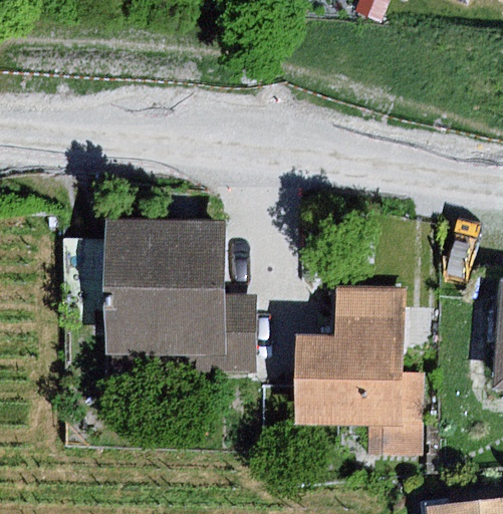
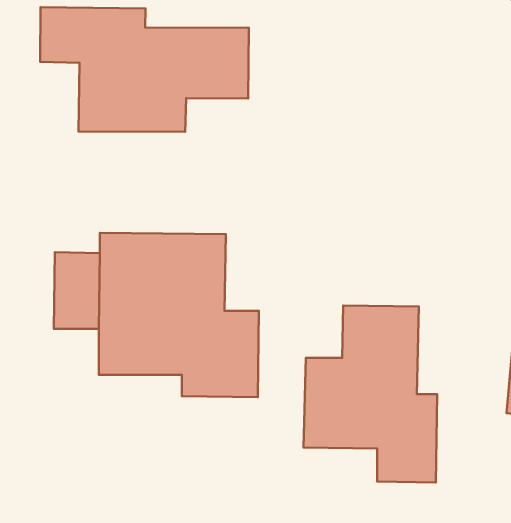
building: none -> [40,7,249,132]

